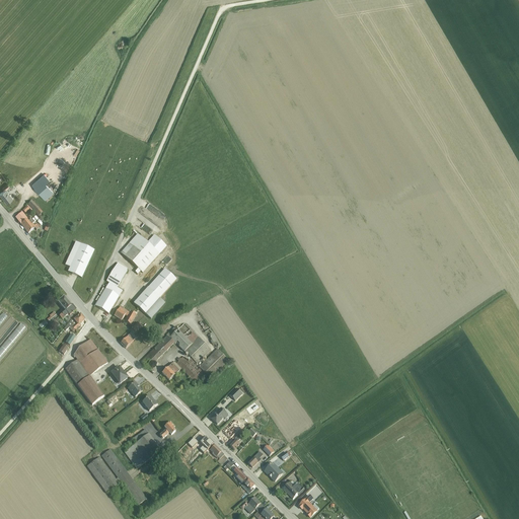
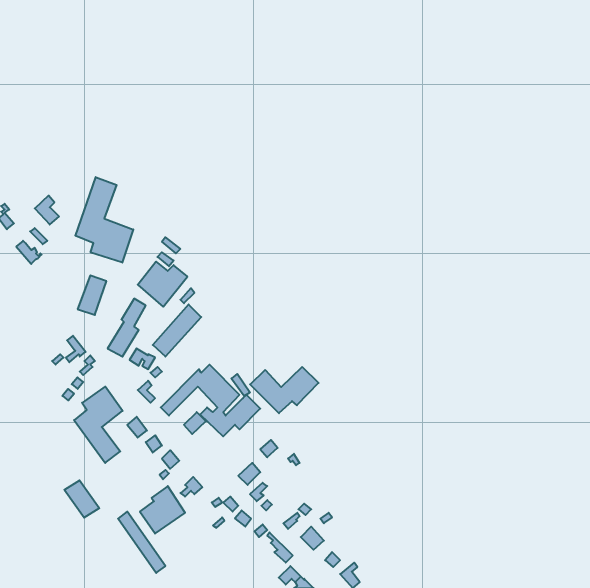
building: none -> [75,177,133,263]
building: none -> [250,367,319,413]
building: [87,458,118,491] -> [64,480,99,518]

